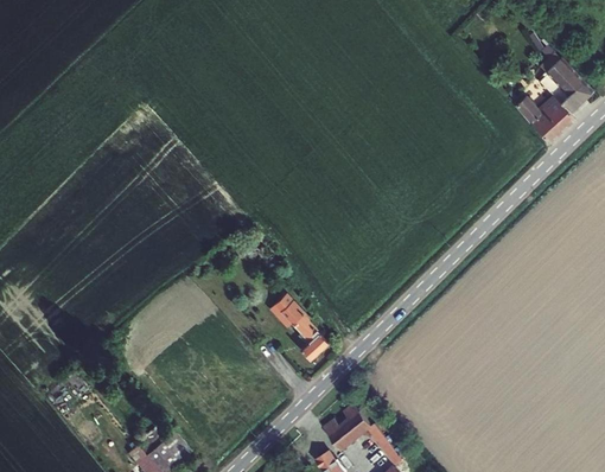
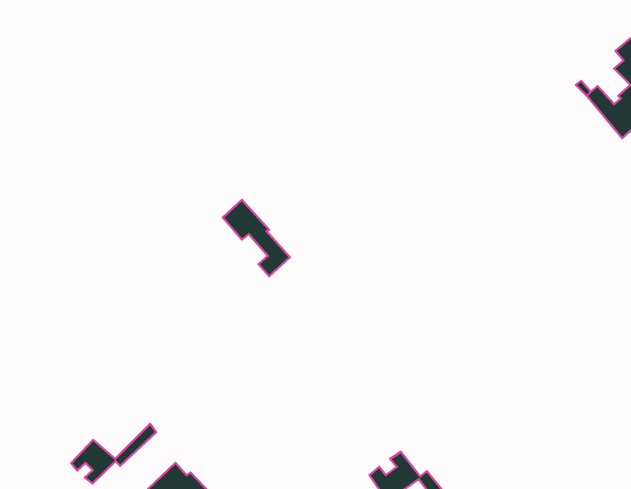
building: [269,293,327,359] -> [223,200,290,276]
building: none -> [71,424,156,483]

